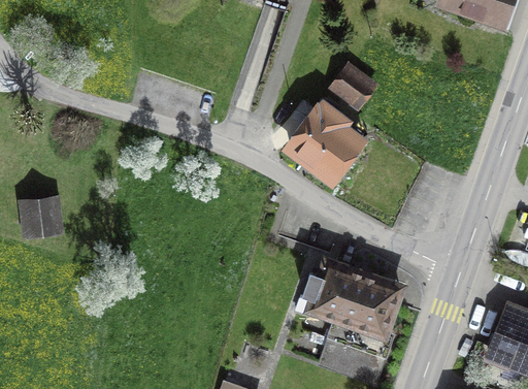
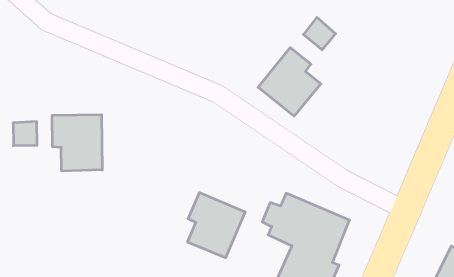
building: none -> [52,115,102,171]
building: none -> [188,193,245,258]

